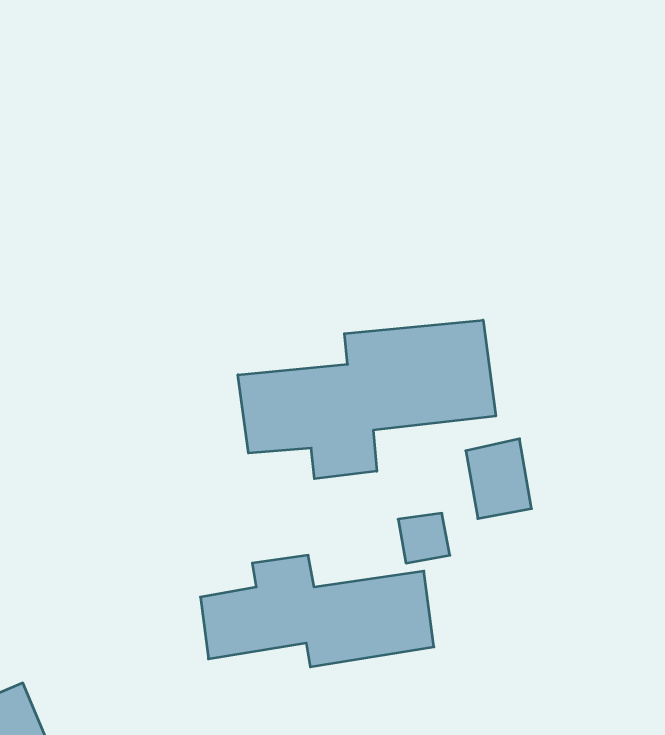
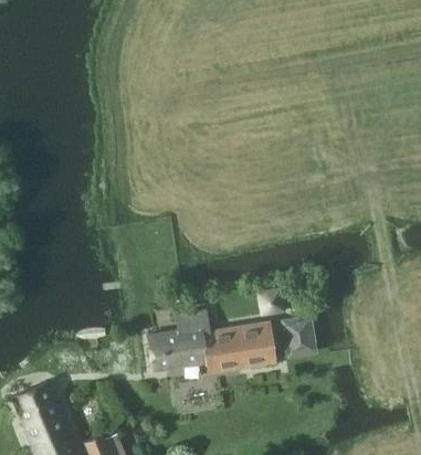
building: [238,320,496,479] -> none
building: [466,439,532,519] -> [281,314,317,358]

